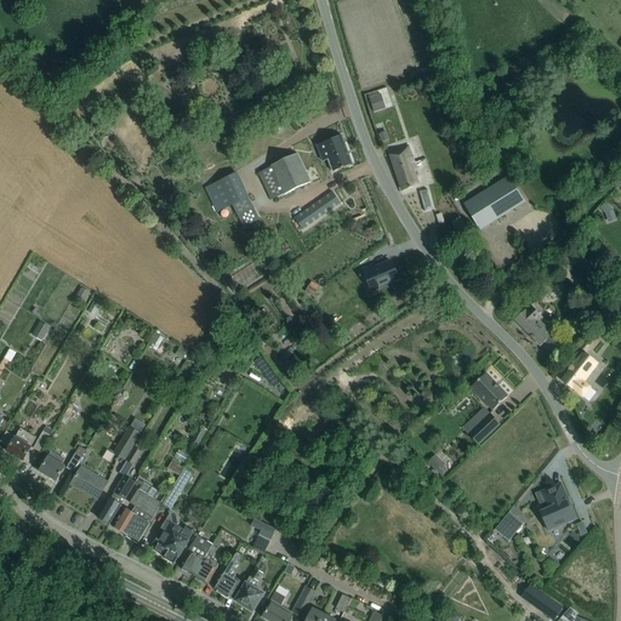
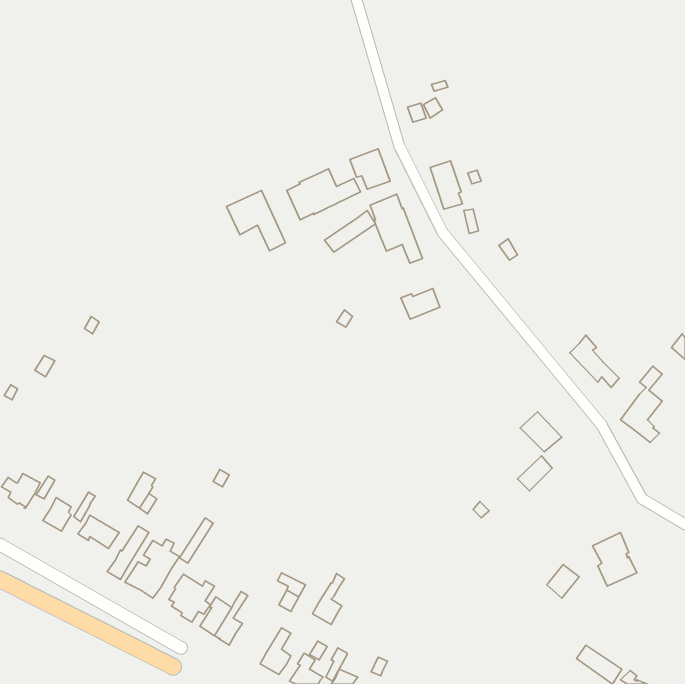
building: none -> [370,194,422,263]
building: [474,181,515,223] -> none
building: [213,551,243,597] -> [312,574,345,625]

